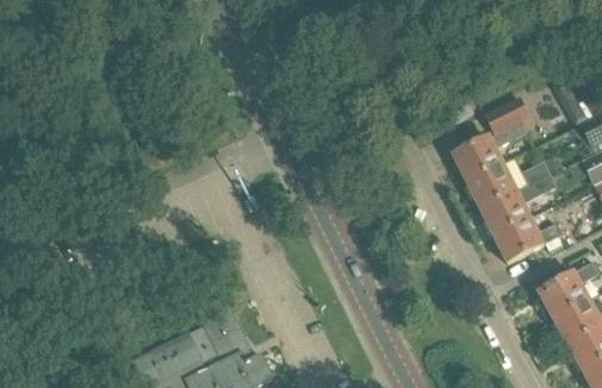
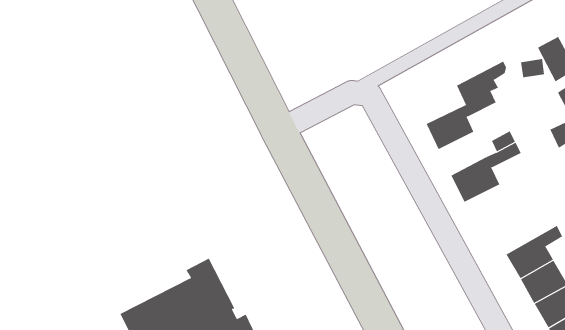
building: [466,162,517,208] -> none
building: [494,218,564,263] -> none

